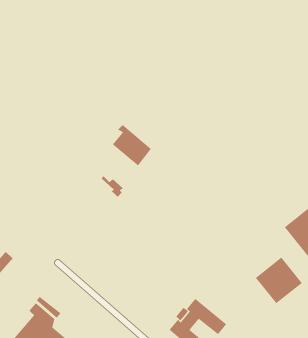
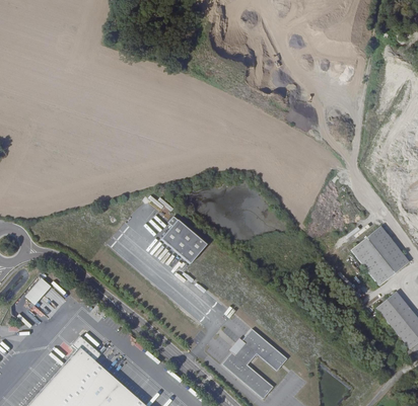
building: [112,124,152,166] -> [163,218,208,264]
building: [255,257,303,304] -> none

